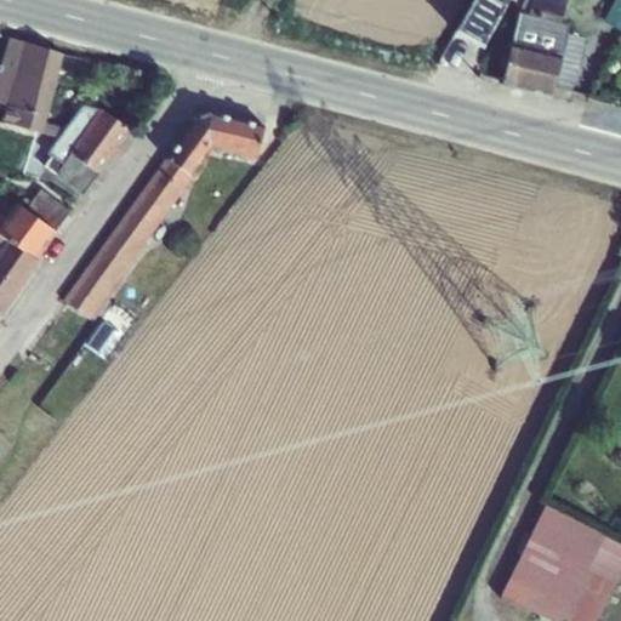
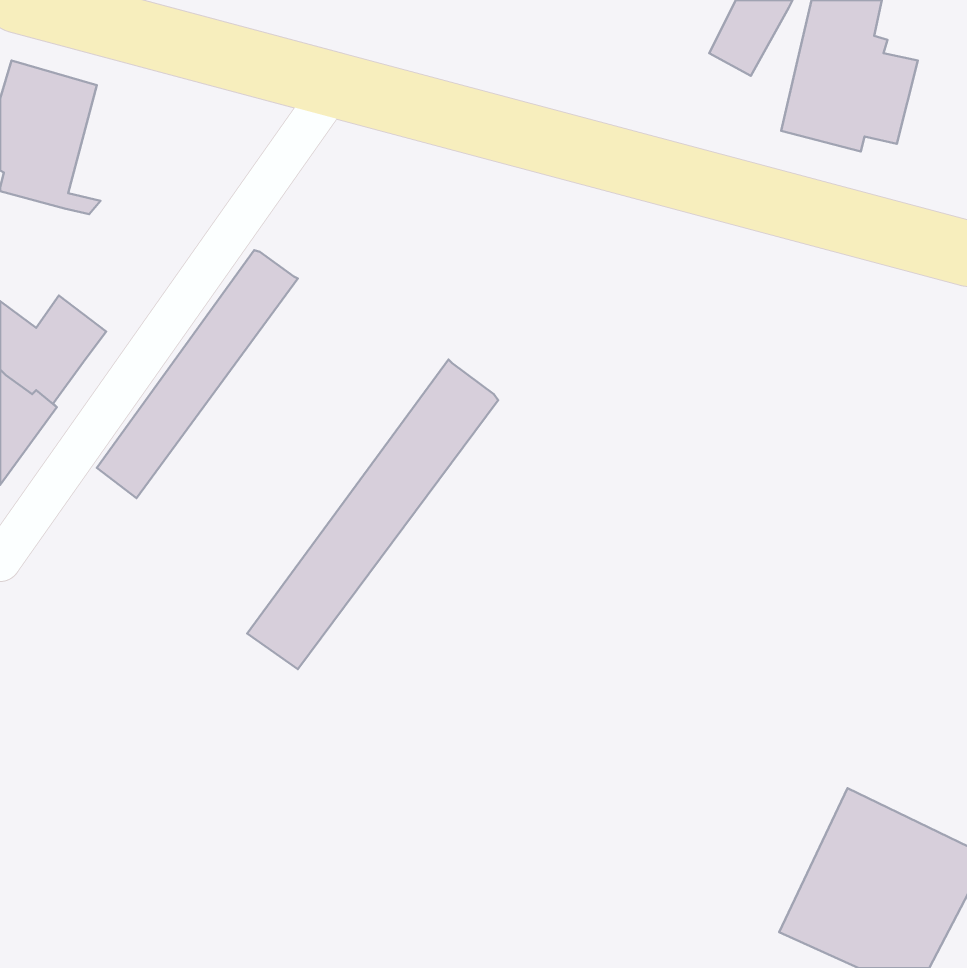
building: [44,104,130,196] -> none
building: [167,112,264,177] -> none
building: none -> [247,359,498,669]

